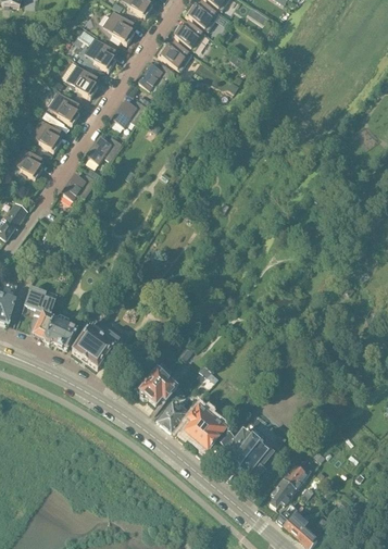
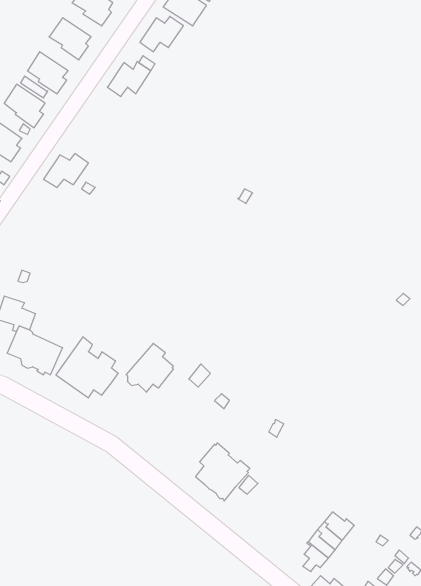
building: [87,135,122,163] -> none
building: [138,365,176,404] -> [126,343,173,392]
building: [155,401,185,432] -> none
building: [223,429,273,476] -> none

